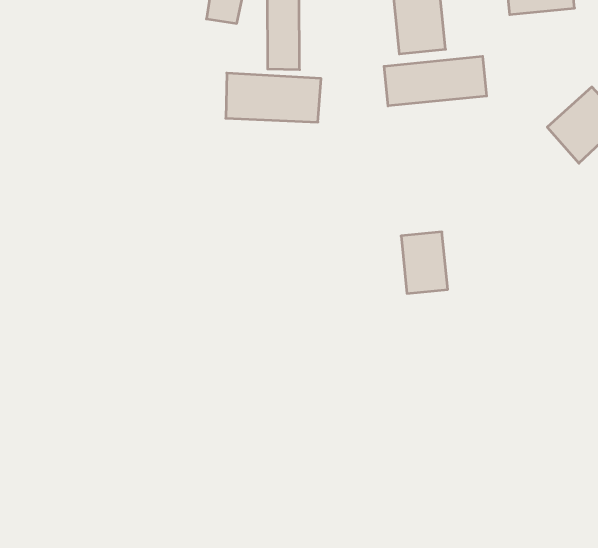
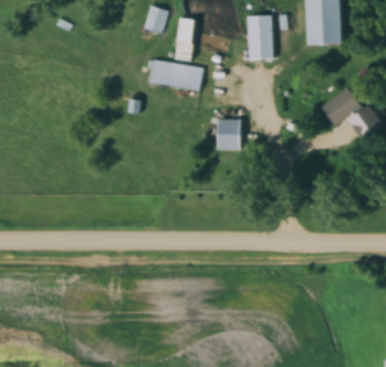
building: [384,56,487,106] -> none
building: [401,232,448,293] -> [217,118,239,150]

